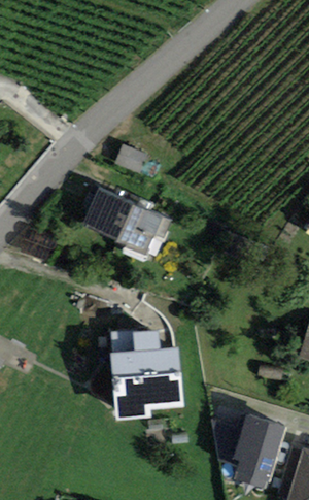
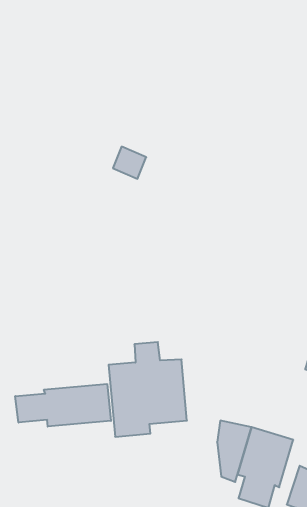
building: [80,187,172,256] -> none
building: none -> [15,384,111,427]

